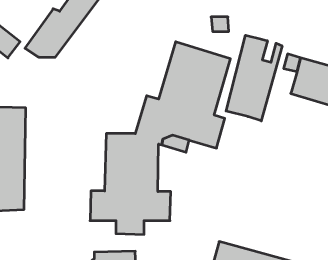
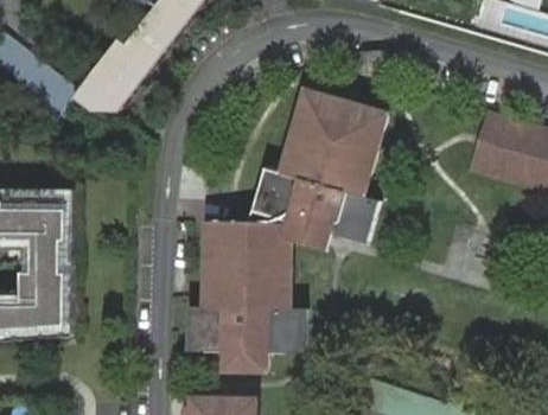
building: [226,35,282,121] -> none

